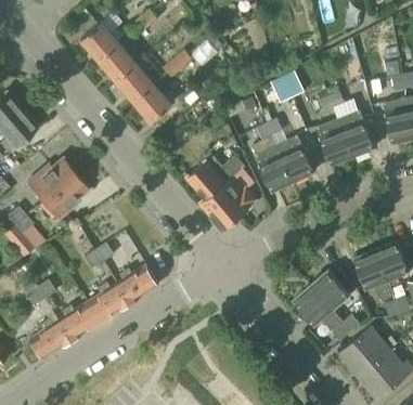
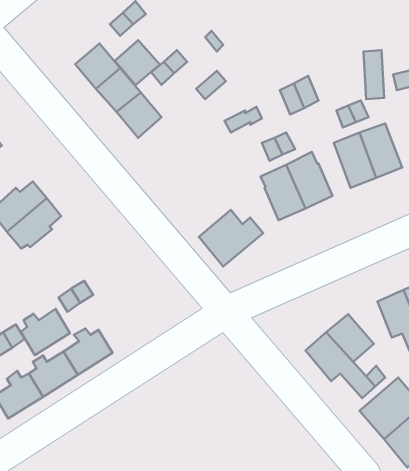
building: [81,24,119,62] -> [115,40,160,85]
building: [188,154,245,207] -> none
building: [118,265,159,304] -> [21,309,70,355]

